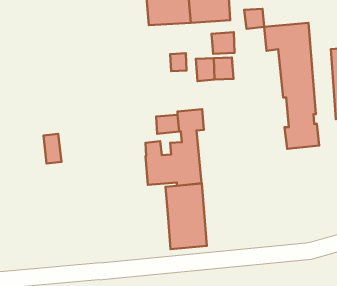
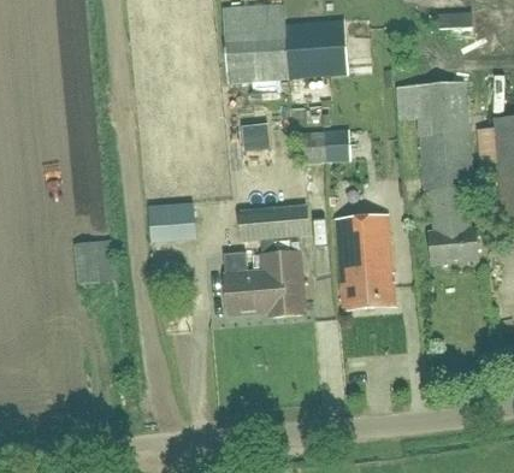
building: [244,9,264,29] -> none
building: [212,32,235,54] -> none
building: none -> [149,207,196,240]
building: [166,183,207,249] -> [336,213,396,309]

